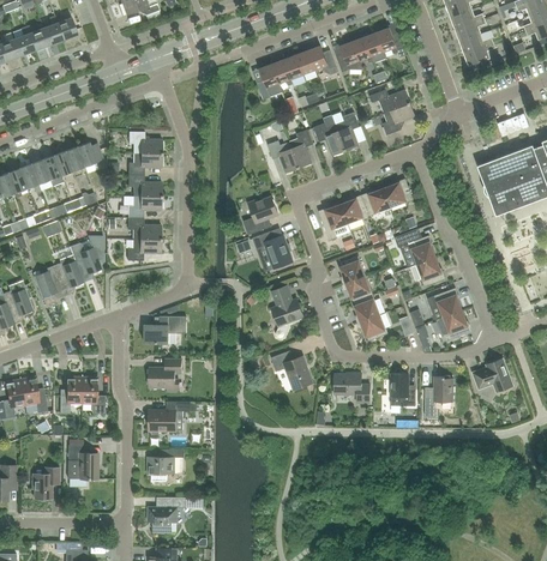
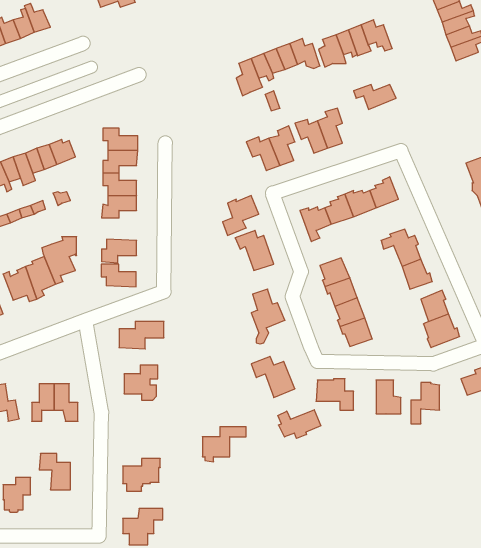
building: [383,103,415,135] -> none
building: [127,218,161,240] -> [101,264,136,287]
building: [149,402,191,435] -> [202,427,246,462]
building: none -> [278,410,321,438]

